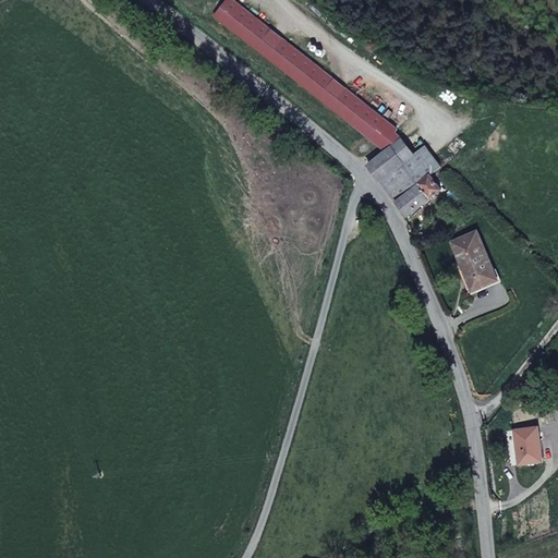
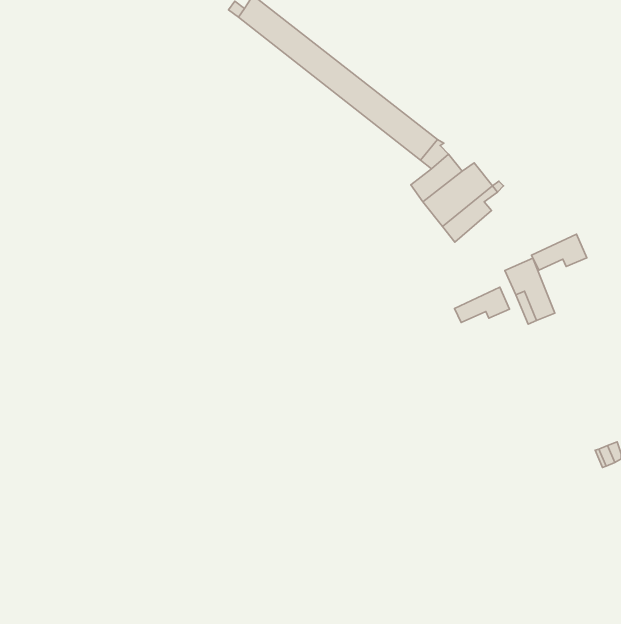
building: none -> [532,234,587,270]
building: none -> [455,287,510,322]
building: [512,425,539,463] -> none

